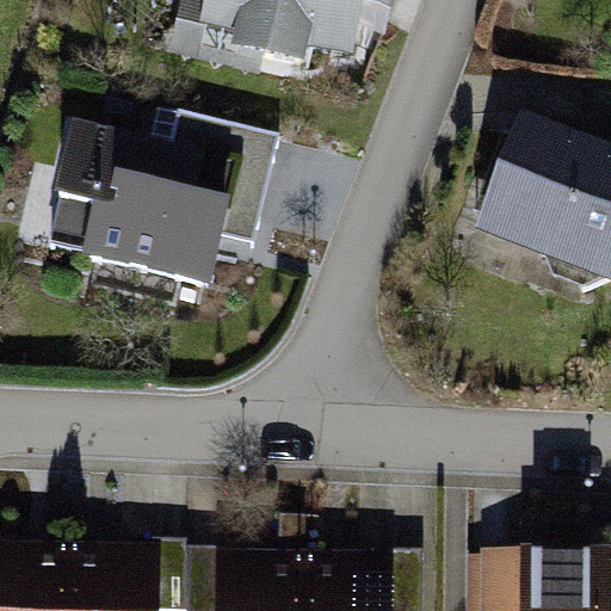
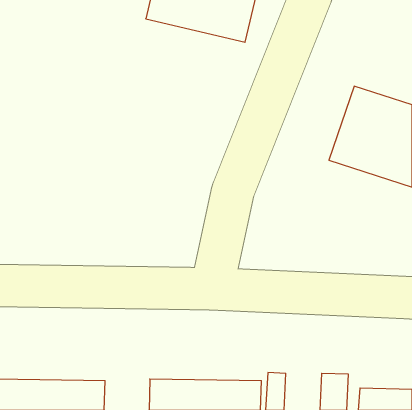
building: [44,123,235,282] -> none

